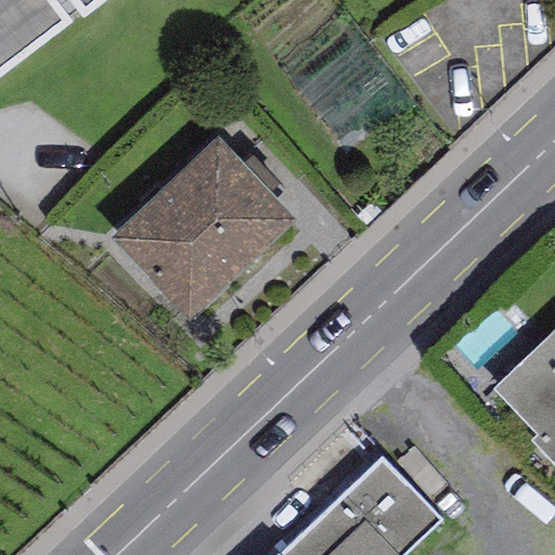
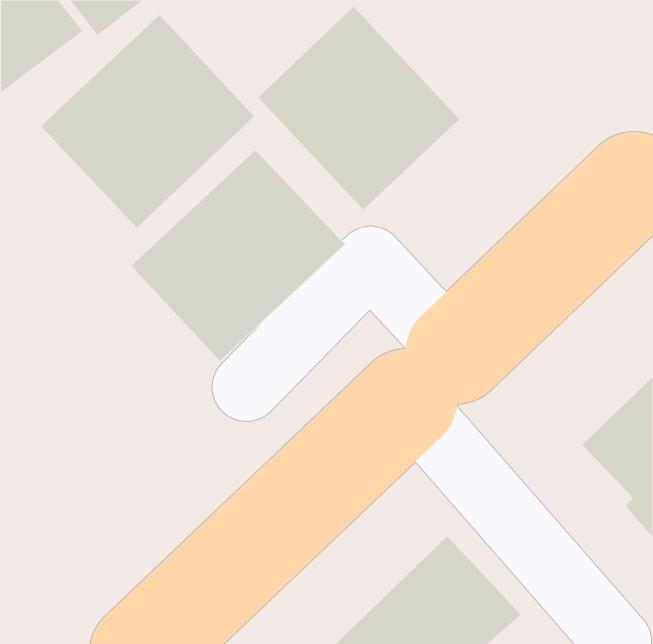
building: none -> [258,6,460,211]
building: none -> [40,14,255,229]

